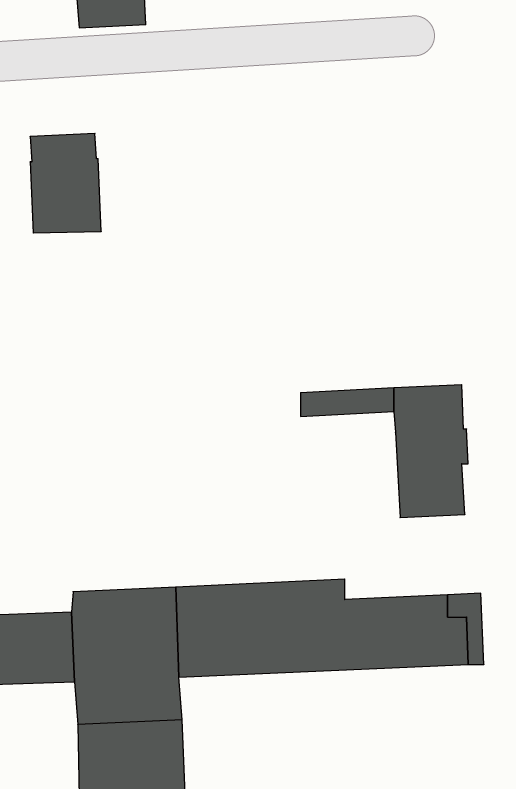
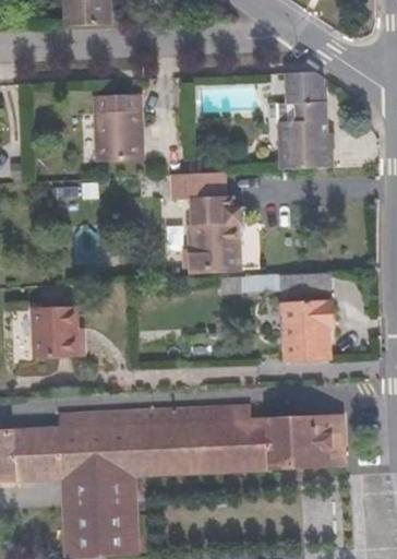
building: none -> [277,71,332,169]
building: [30,133,101,233] -> [94,93,143,162]
building: none -> [171,171,243,271]
building: none -> [32,307,77,358]

